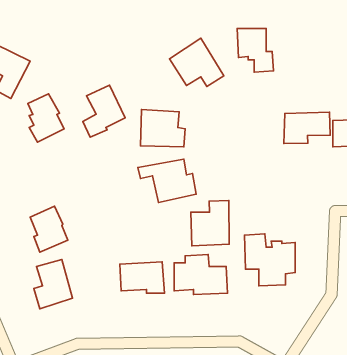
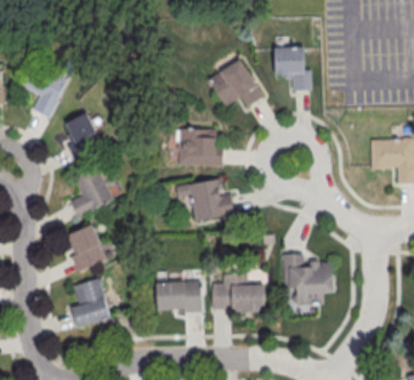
building: [83,85,125,137] -> [70,165,113,217]
building: [284,112,330,144] -> none
building: [191,201,229,246] -> none

